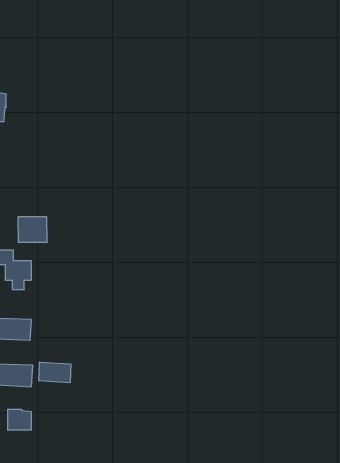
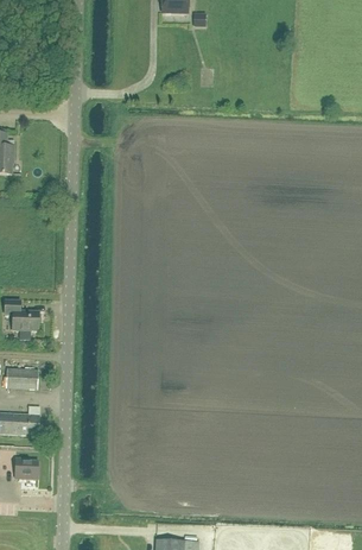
building: [18,217,47,243] -> none
building: [39,362,71,383] -> none

